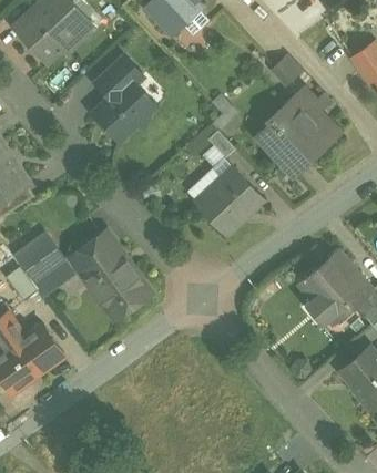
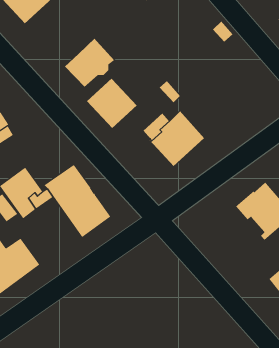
building: [95,58,142,99] -> none
building: [258,91,336,174] -> none
building: none -> [86,78,137,129]

